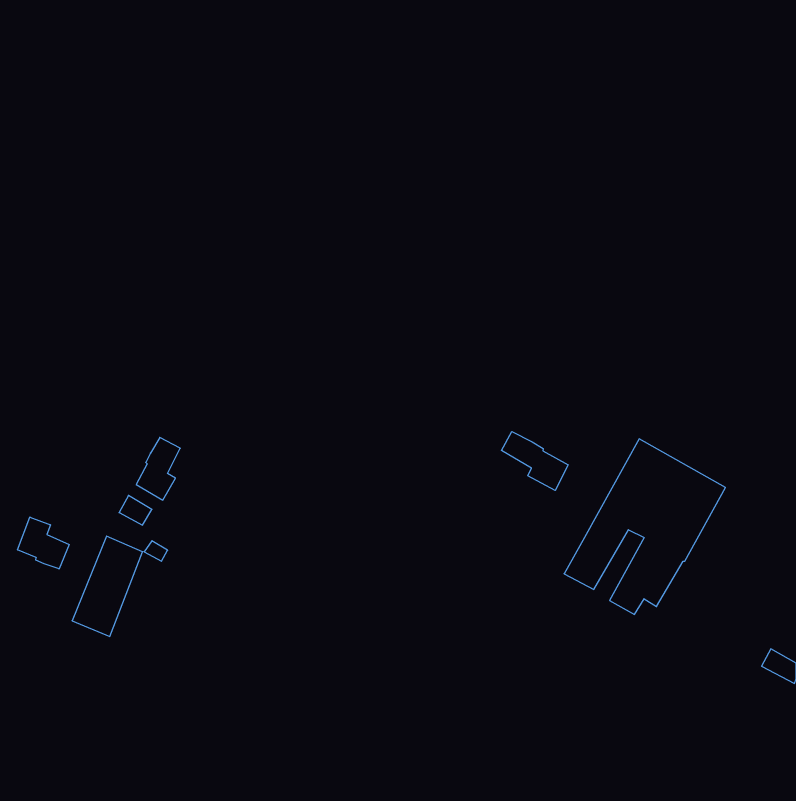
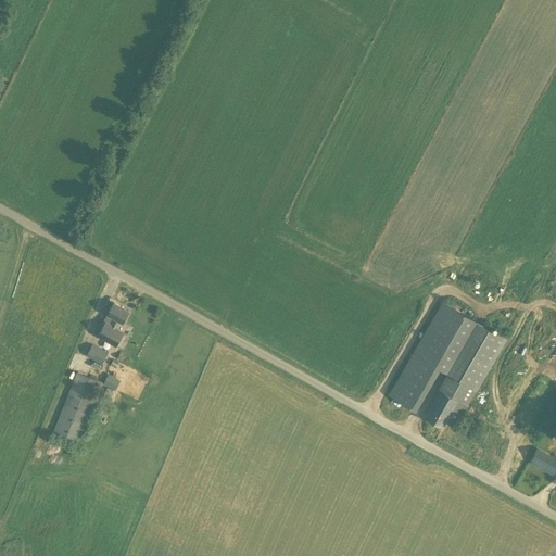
building: [501,432,568,490] -> none
building: [18,517,69,569] -> none

